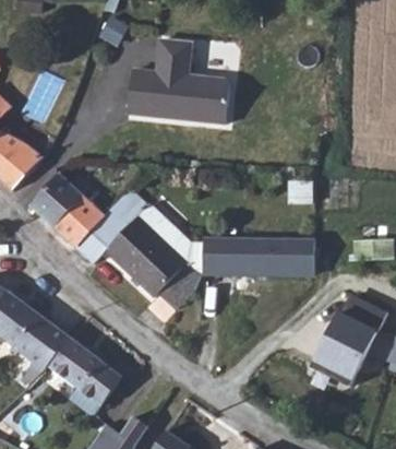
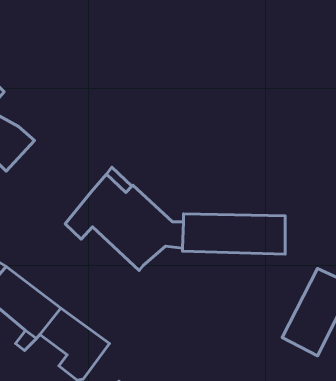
building: [127,38,229,123] -> none
building: [28,172,104,247] -> none
building: [159,271,202,310] -> none

